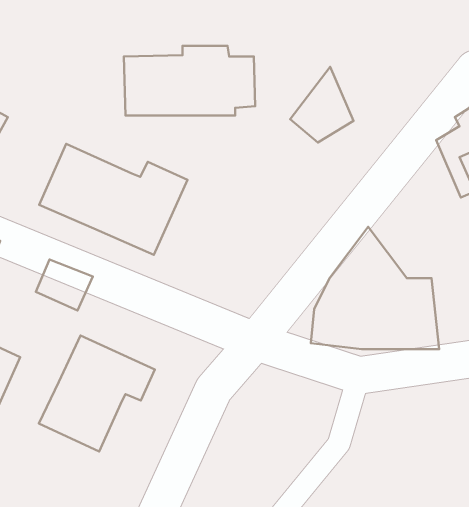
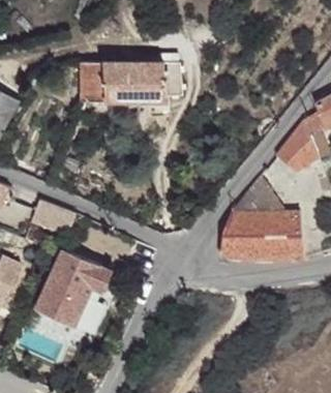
building: [290,67,353,143] -> [274,119,317,170]
building: [39,144,188,255] -> none

